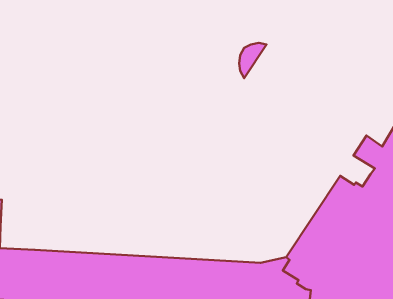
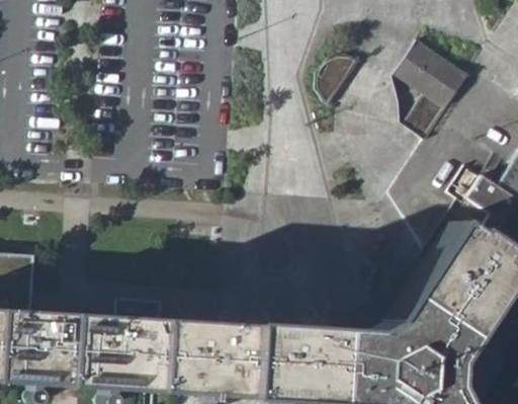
building: none -> [395,44,465,140]

